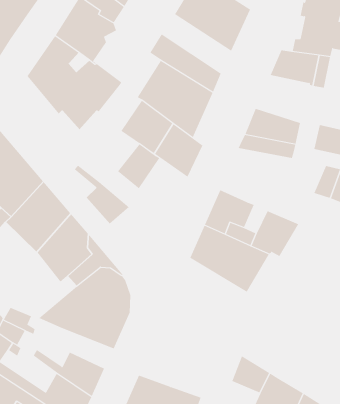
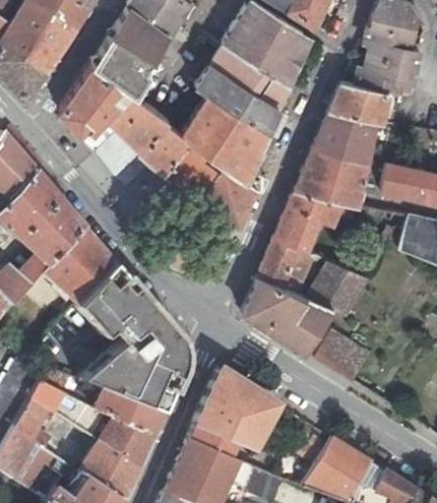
building: none -> [213,42,291,108]
building: none -> [317,110,377,163]
building: [117,144,160,189] -> [142,121,190,172]
building: none -> [277,191,359,251]
building: [74,165,130,225] -> none
building: none -> [317,330,373,381]
building: none -> [187,371,275,456]
building: none -> [82,391,160,436]

